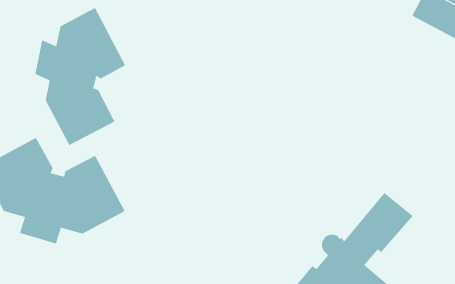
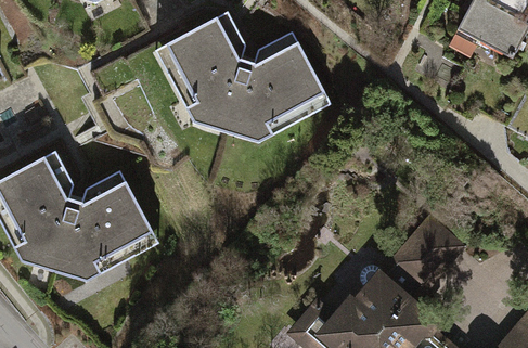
building: [35,7,126,146] -> none
building: none -> [165,20,323,136]

